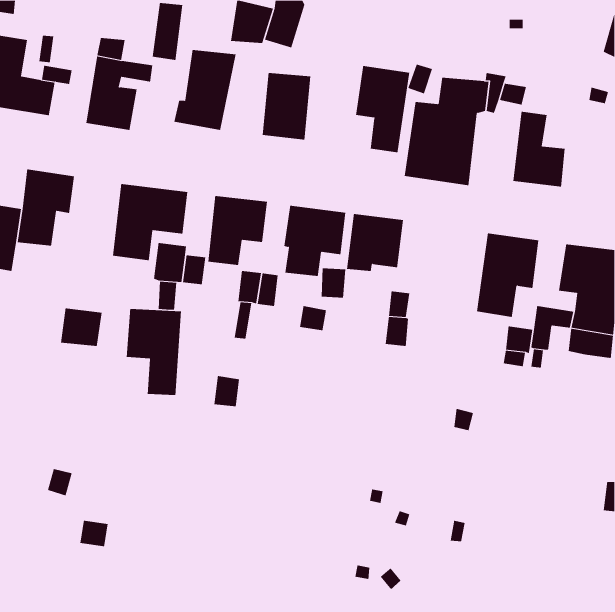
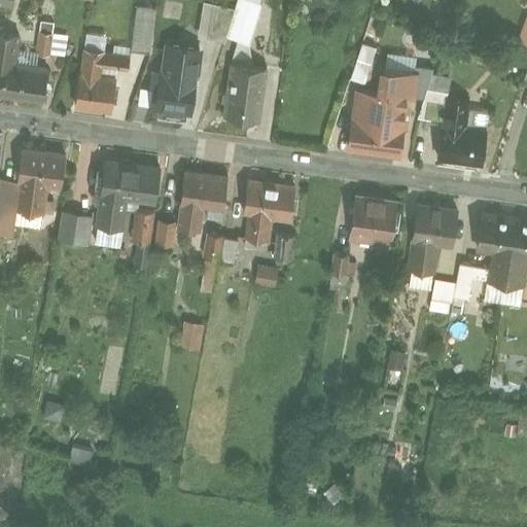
building: [356,65,410,153] -> none
building: [346,214,404,272] -> [350,195,399,244]
building: [60,308,102,346] -> [57,212,93,245]
building: [126,308,182,396] -> none

